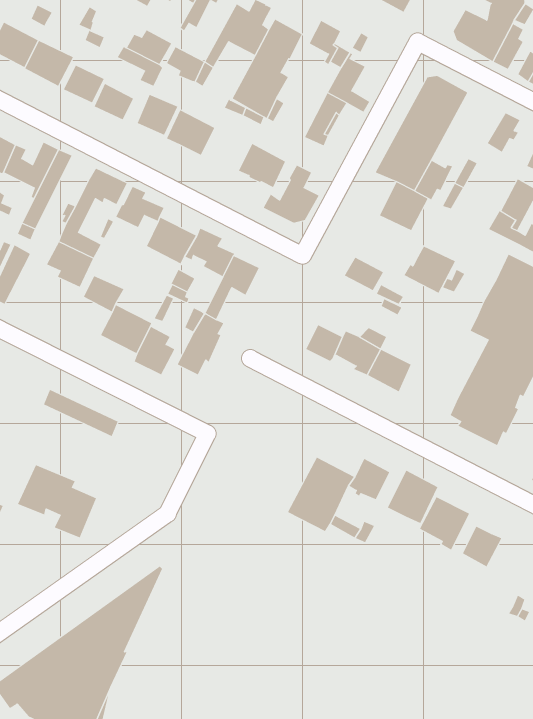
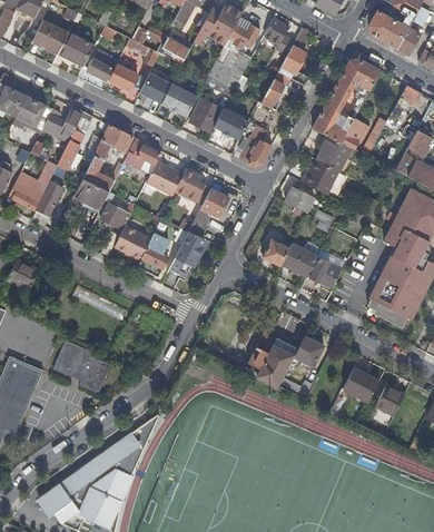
building: none -> [193,99,223,131]
building: [404,246,456,294] -> [302,160,339,195]
building: [387,470,438,524] -> none

